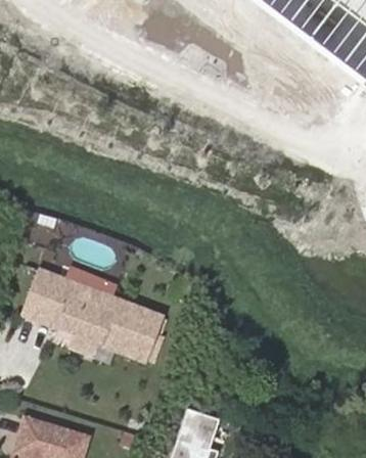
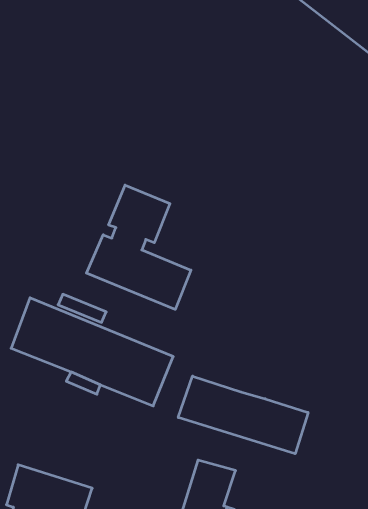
building: none -> [86,185,191,309]
building: none -> [178,376,308,454]

